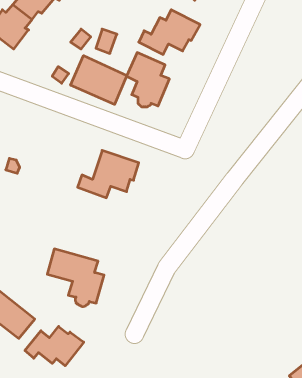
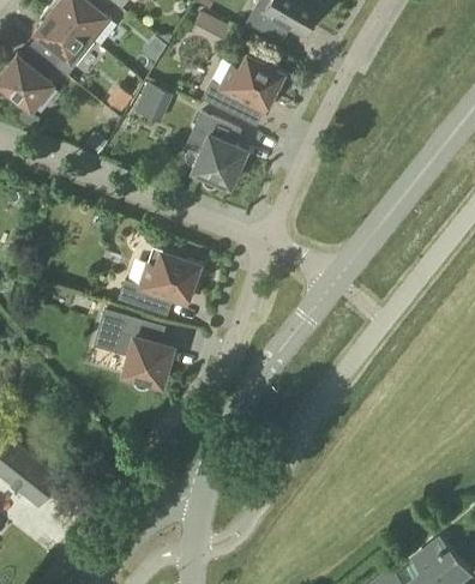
building: [71,56,127,104] -> none
building: [47,249,104,307] -> [95,311,173,390]
building: [25,326,84,366] -> none

